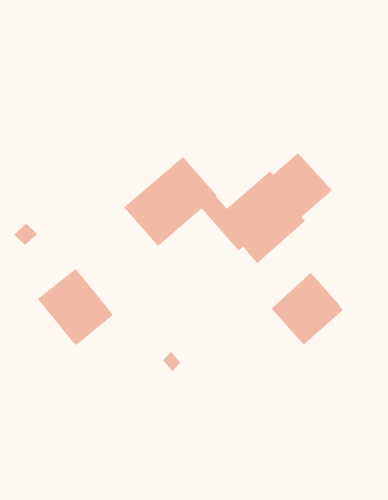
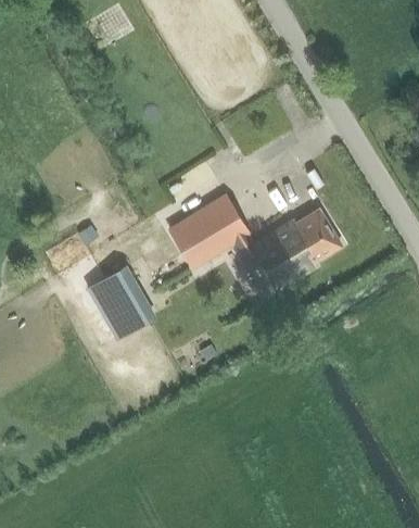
building: [271,272,344,345] -> none

